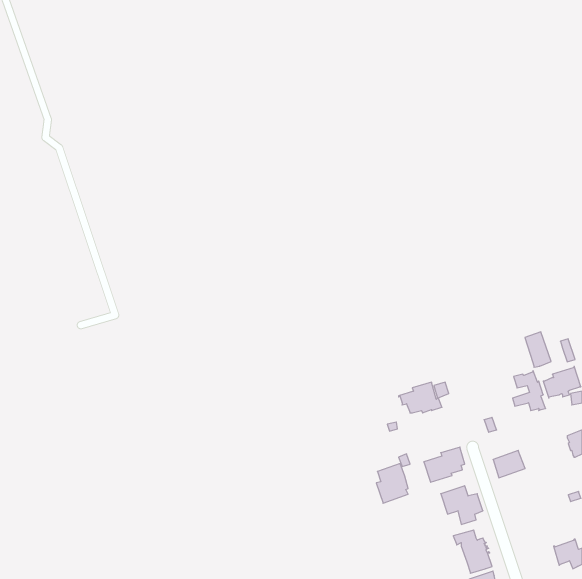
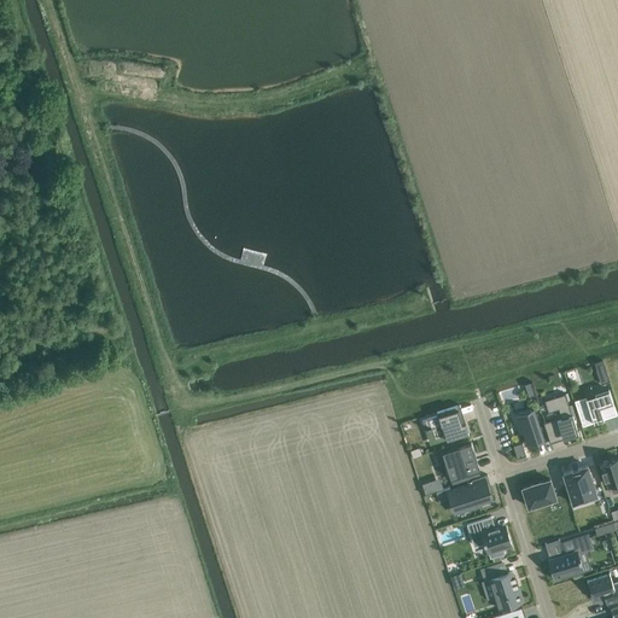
building: [525,332,551,367] -> [517,410,544,448]
building: none -> [560,468,596,508]
building: [376,464,408,503] -> [445,444,479,486]
building: none -> [550,535,594,581]

